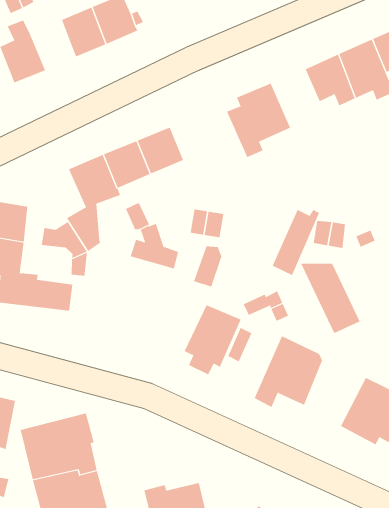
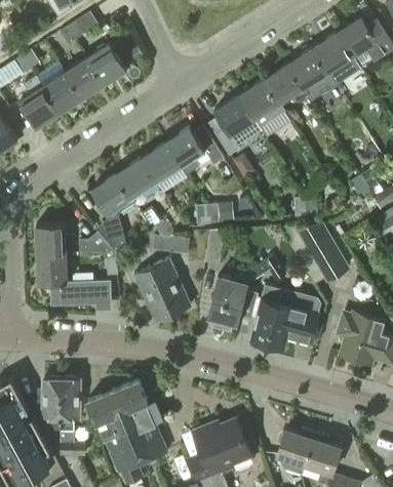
building: none -> [42,73,81,115]
building: none -> [239,79,285,127]
building: none -> [165,126,224,175]
building: [272,209,320,276] -> [250,290,281,346]
building: none -> [133,259,190,323]

